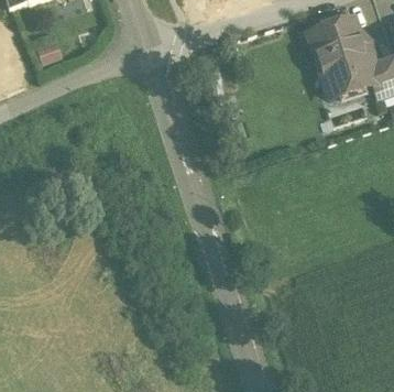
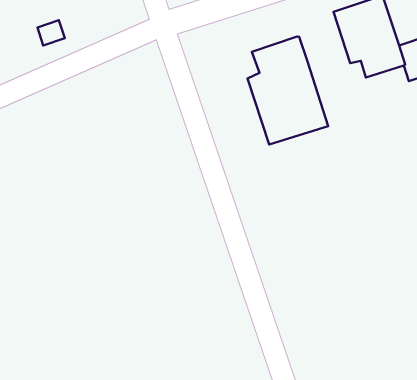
building: none -> [248,37,328,144]

